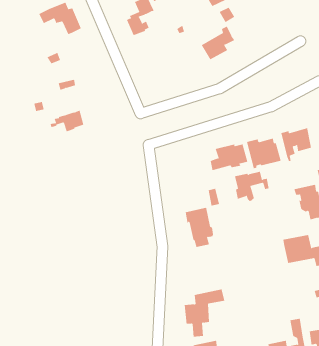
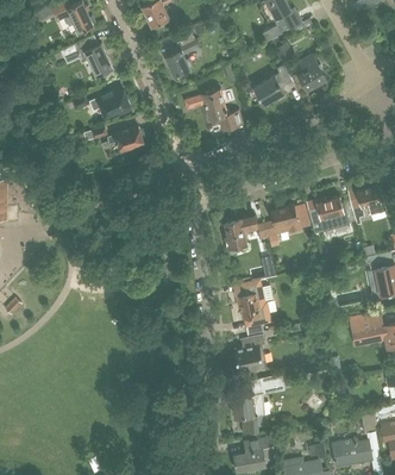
building: none -> [290,55,326,92]
building: none -> [184,89,244,132]
building: none -> [89,92,131,119]
building: [50,110,84,132] -> [102,127,143,154]
building: [234,171,269,201] -> [225,217,267,252]
building: none -> [236,336,265,373]

